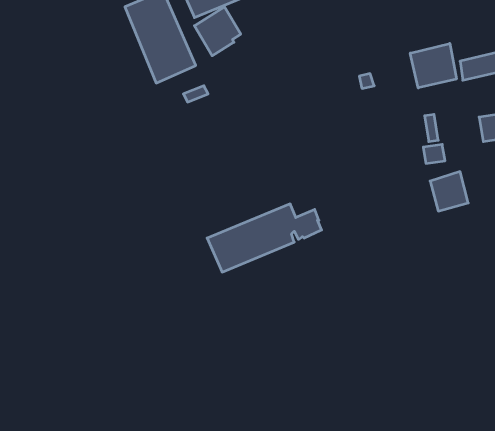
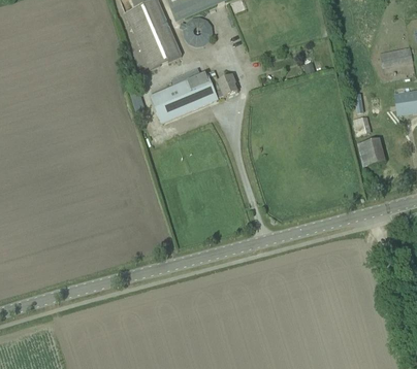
building: [410,43,456,88] -> none
building: [207,204,322,272] -> [150,70,236,122]

